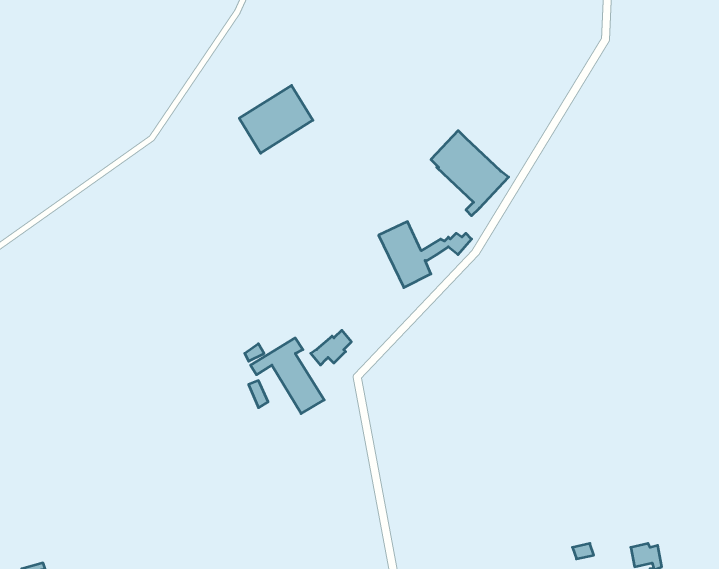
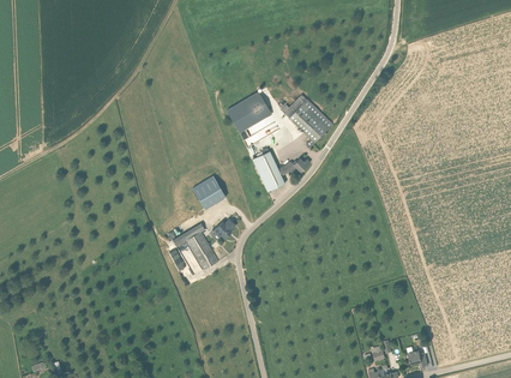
building: [239,85,313,153] -> [227,91,272,133]
building: none -> [192,176,226,209]

